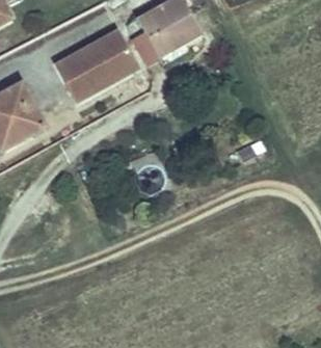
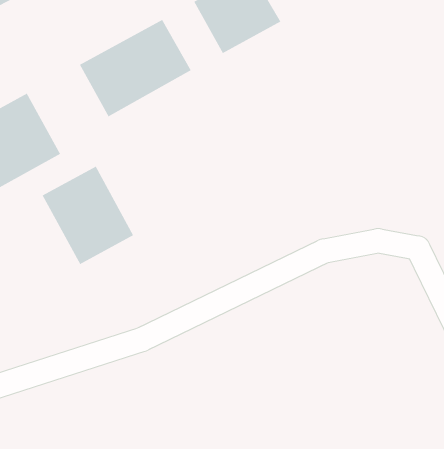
building: none -> [41,165,134,265]

